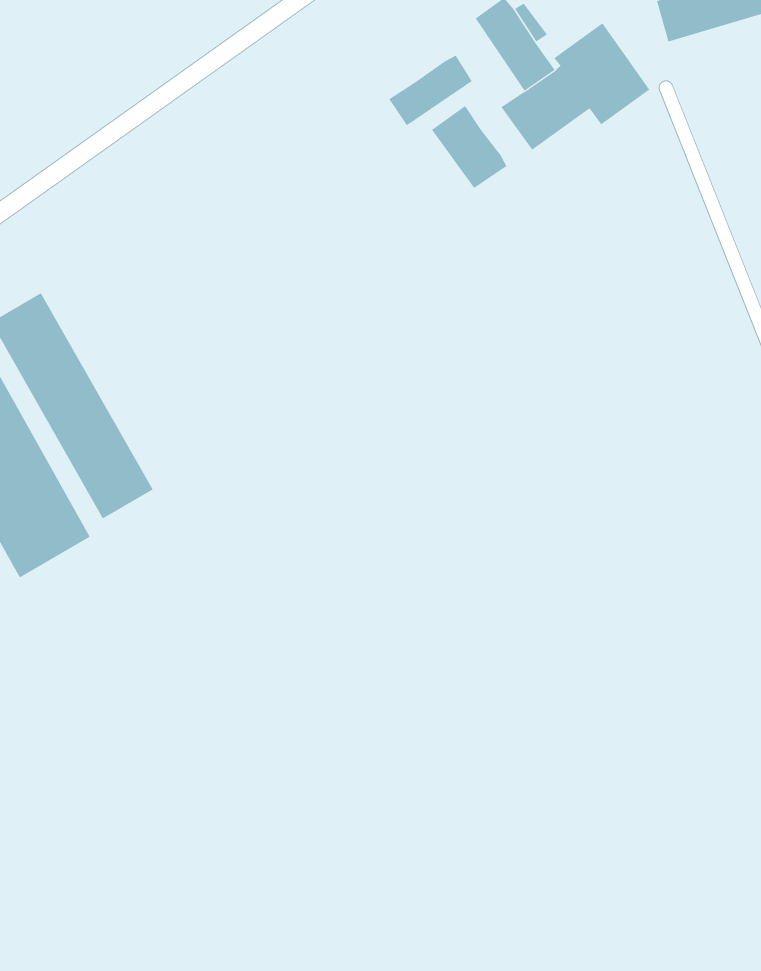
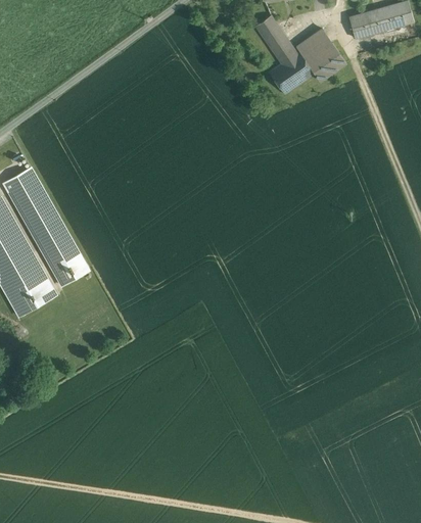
building: [388,55,472,126] -> none
building: [431,105,507,189] -> none

